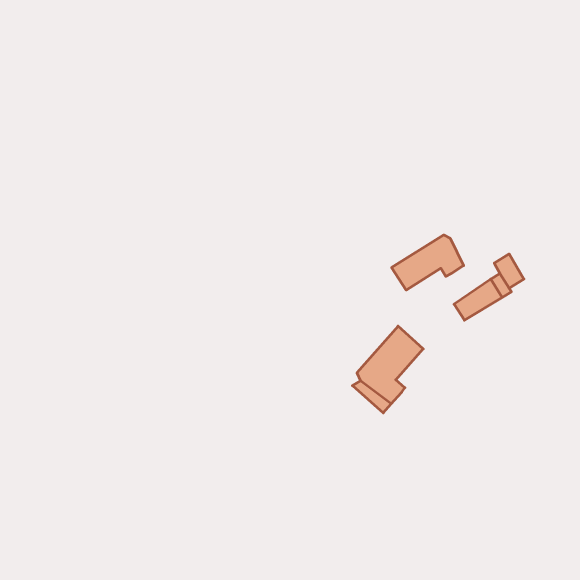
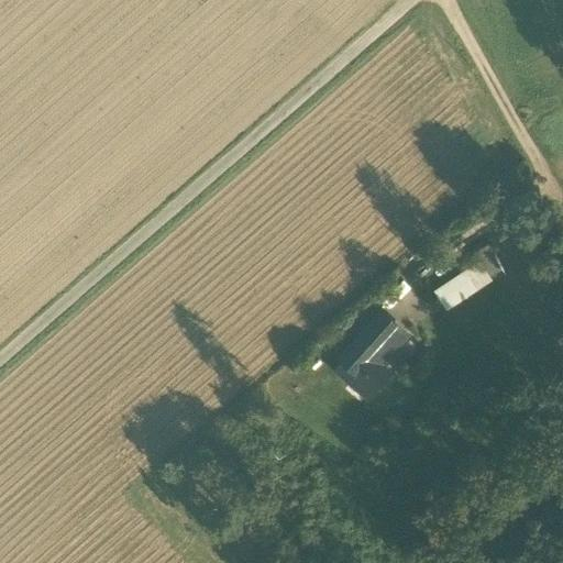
building: [392,235,464,290] -> none

